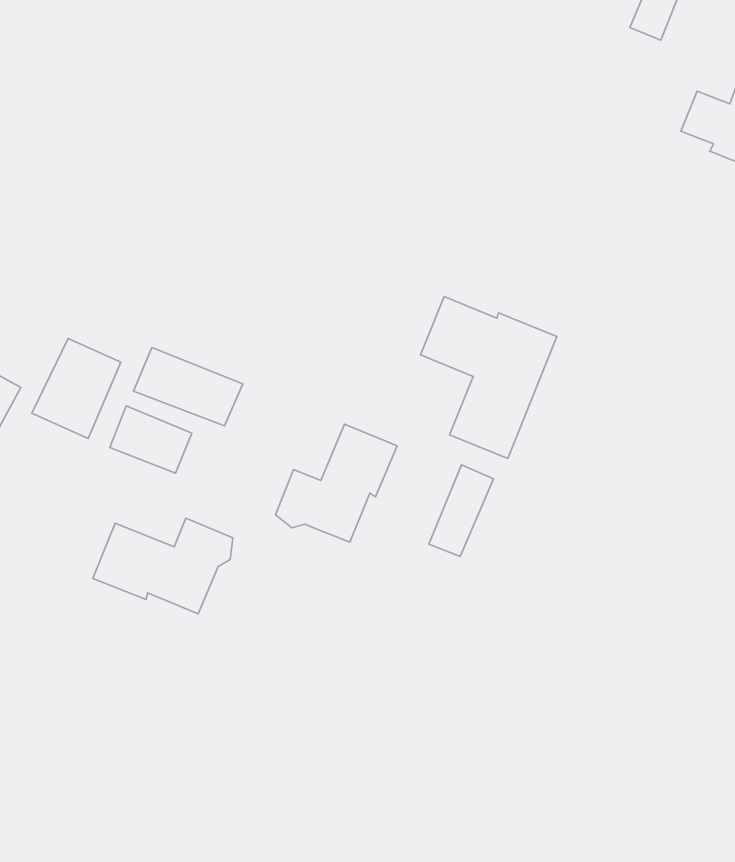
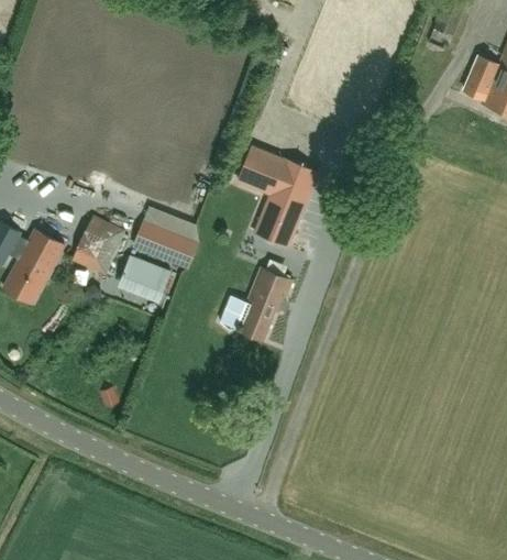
building: [420,296,557,458] -> [236,147,319,245]
building: [429,465,494,557] -> none
building: [93,518,233,614] -> none

